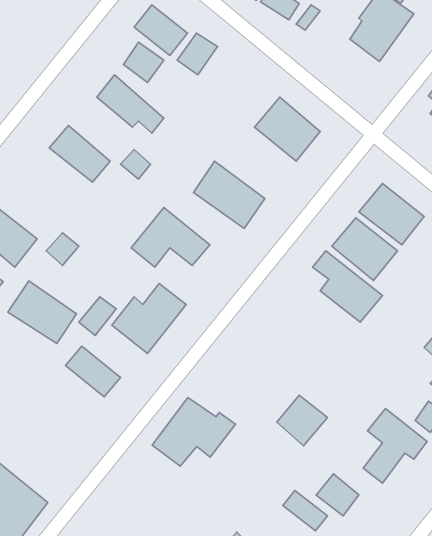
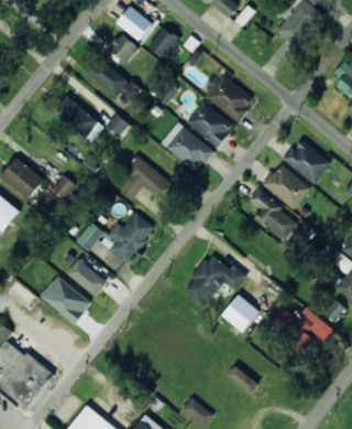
building: none -> [186,100,233,146]
building: [8,281,76,344] -> [41,276,91,322]
building: [152,397,235,466] -> [184,254,245,304]
building: [316,474,359,516] -> none

